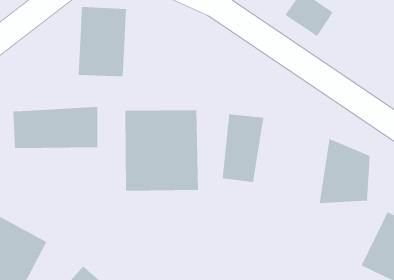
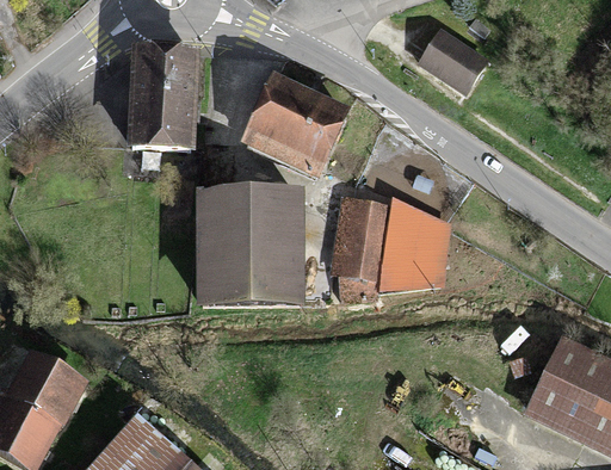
building: none -> [241,75,347,177]
building: [13,106,98,149] -> none
building: [319,138,370,203] -> [378,196,451,287]

